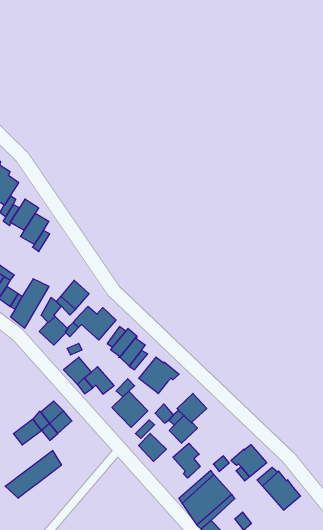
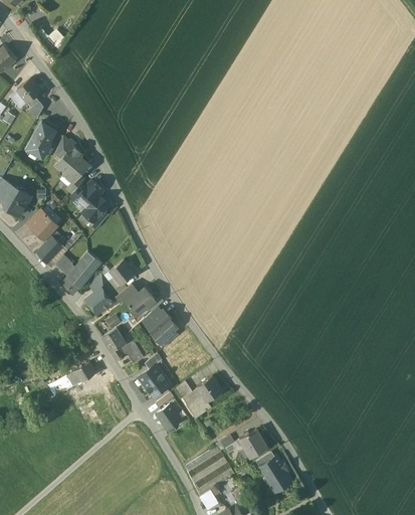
building: [139,357,179,394] -> none
building: [173,443,200,478] -> none
building: [5,450,61,498] -> none

